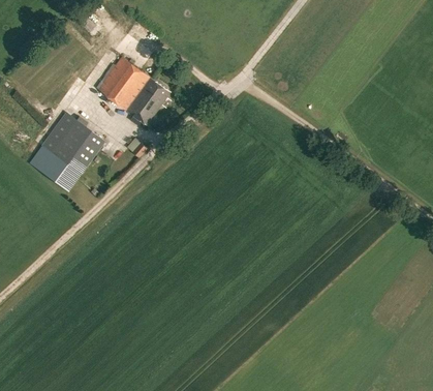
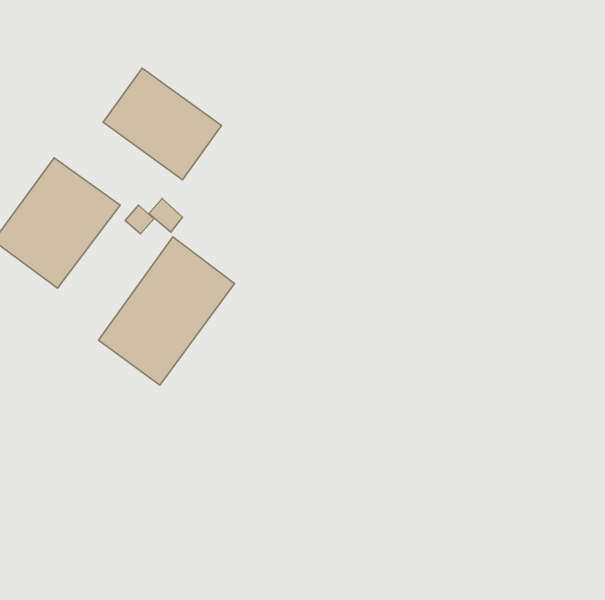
building: none -> [99,237,235,385]

